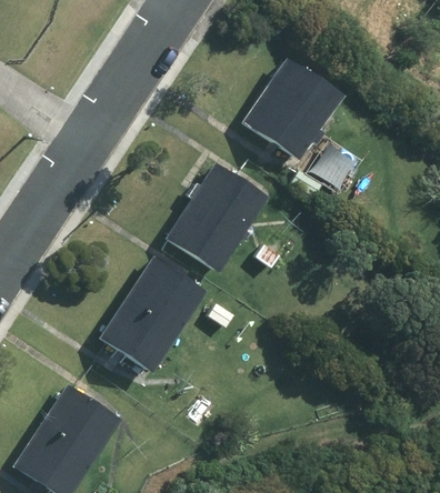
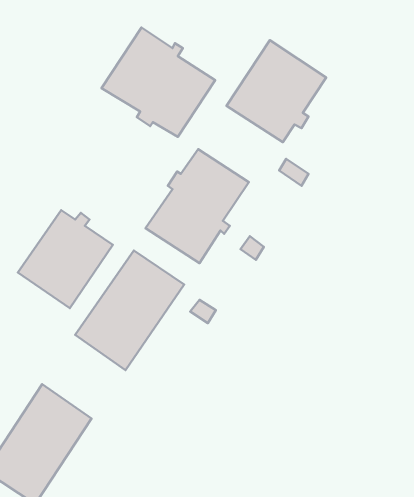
building: none -> [102,27,215,137]
building: none -> [18,210,113,308]

